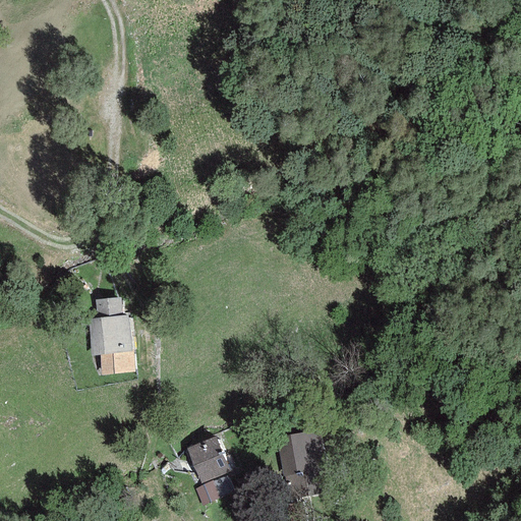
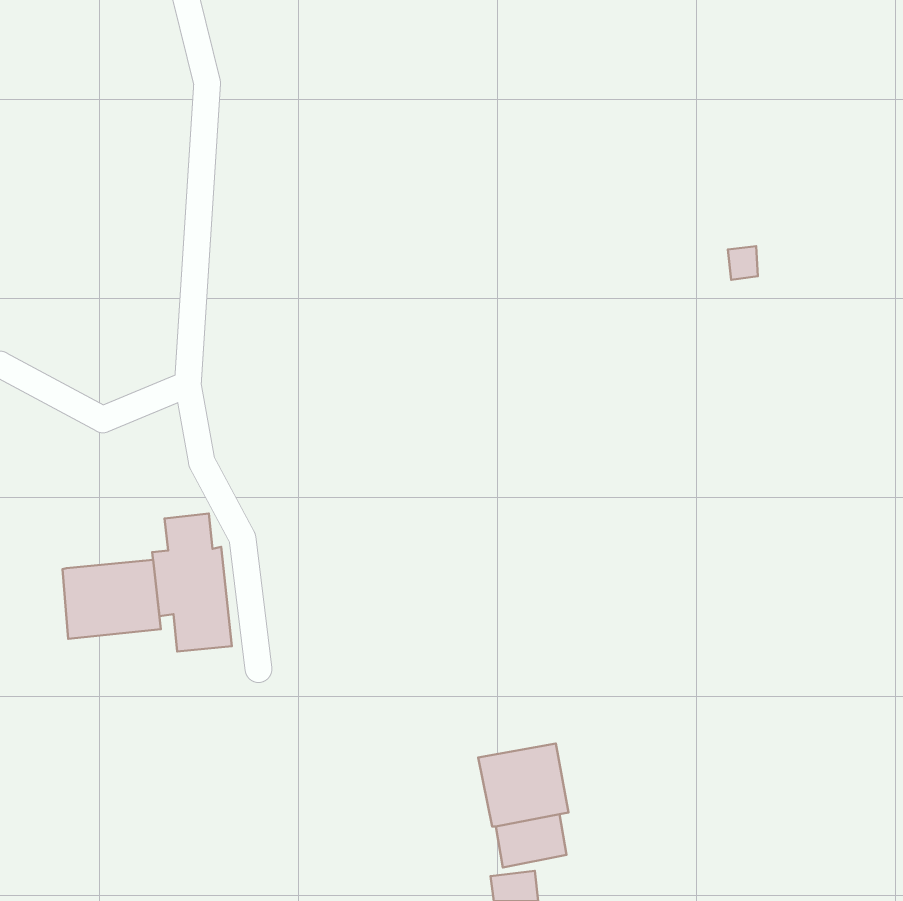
building: none -> [63,560,161,639]
building: [187,435,235,504] -> none

